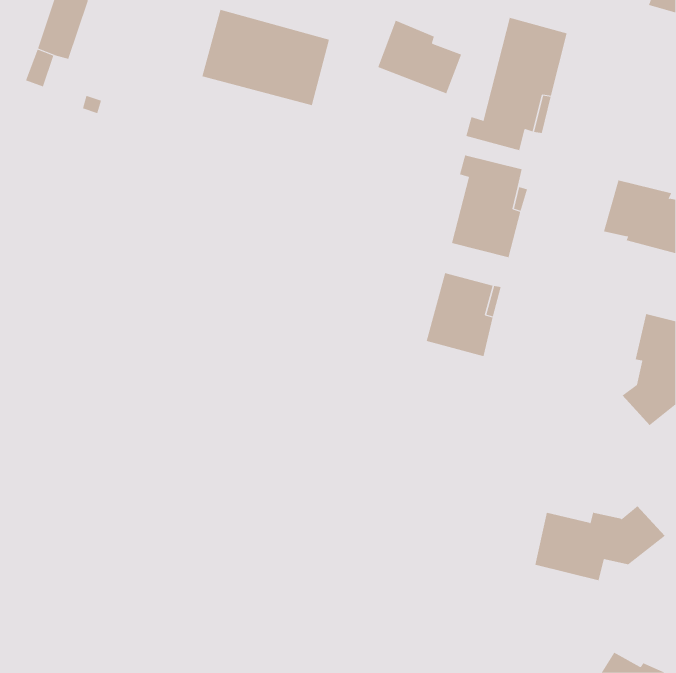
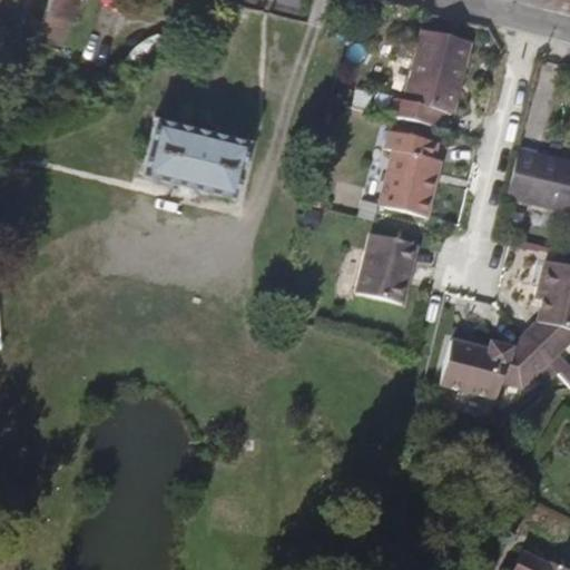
building: [201,9,330,106] -> [136,116,244,197]
building: [377,20,462,94] -> none
building: [534,505,665,581] -> [436,333,547,396]

